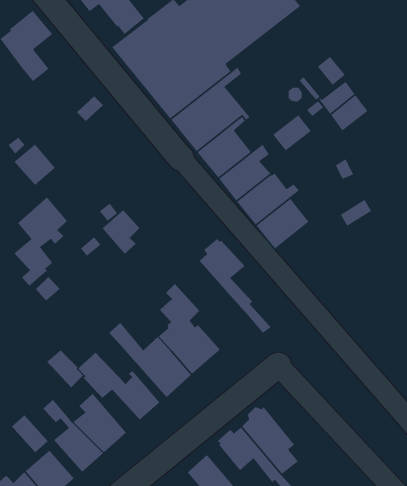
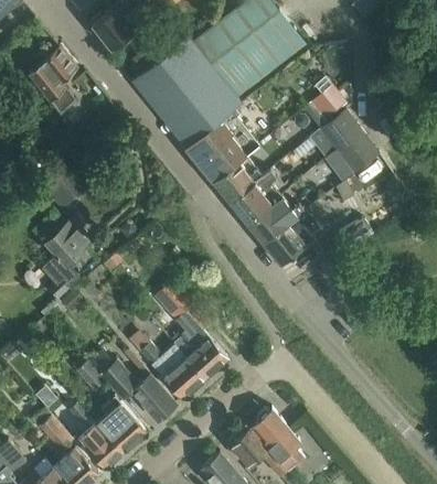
building: [272,114,312,152] -> [343,139,380,173]
building: [102,209,140,255] -> [154,279,190,321]
building: [199,238,271,334] -> none

